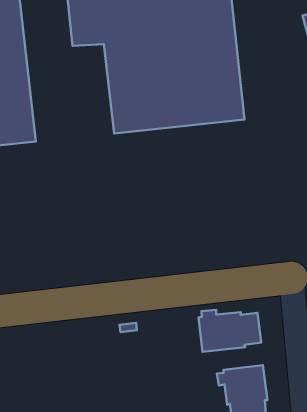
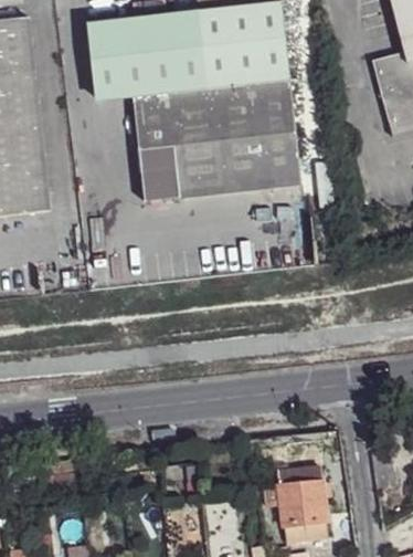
building: [199,310,261,352] -> none

